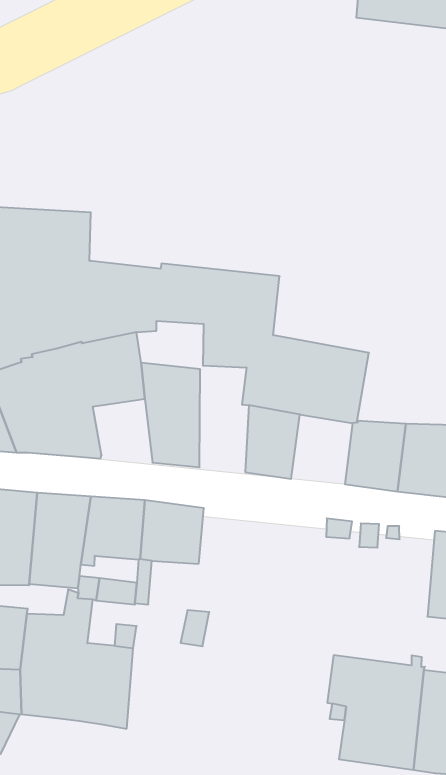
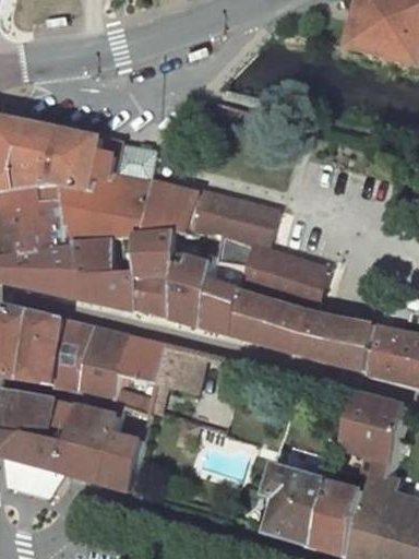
building: none -> [201,260,241,334]
building: none -> [136,276,171,319]
building: none -> [260,301,306,352]

